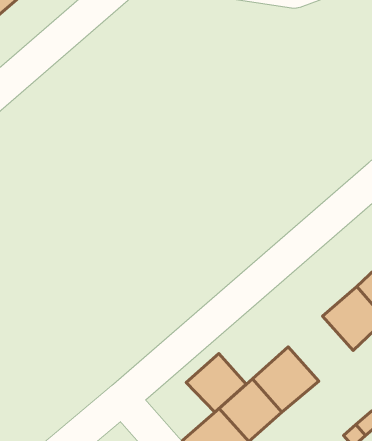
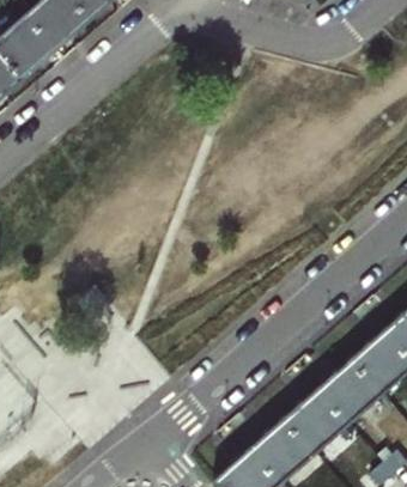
building: none -> [316,359,379,422]
building: [186,353,246,412] -> none

